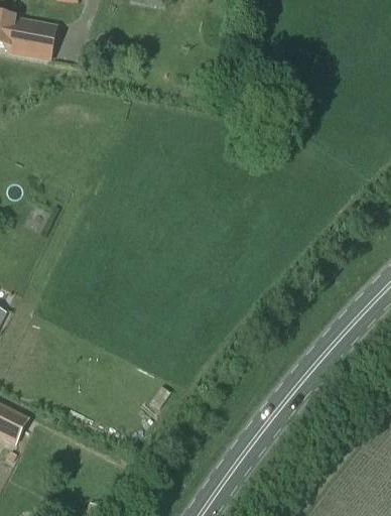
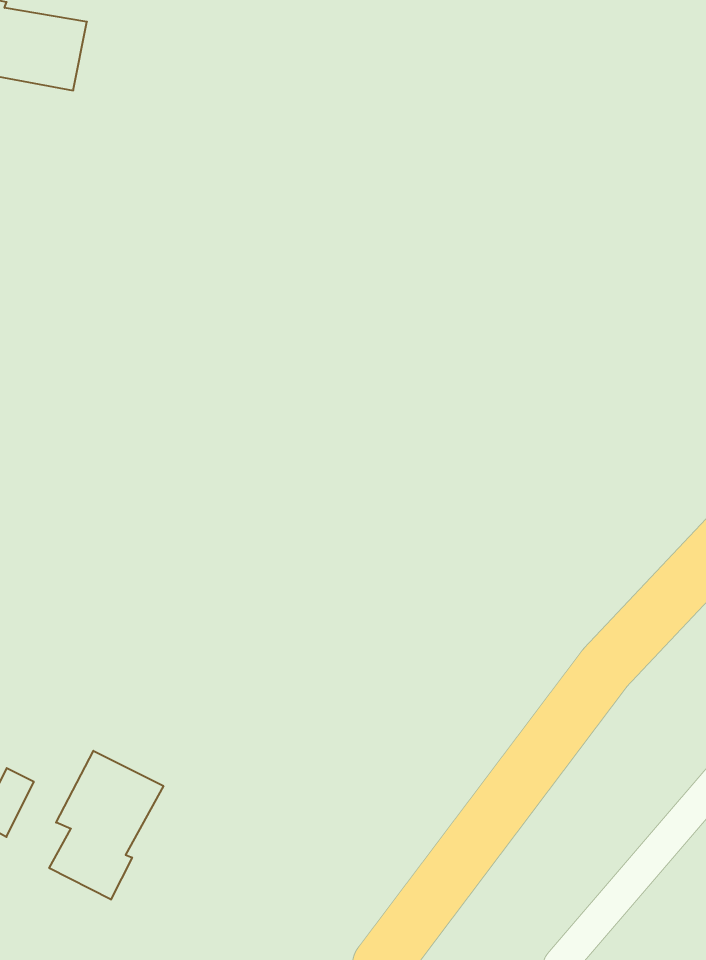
building: none -> [49,751,163,900]

